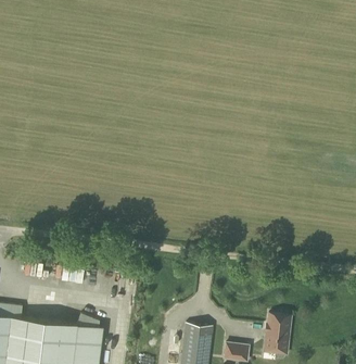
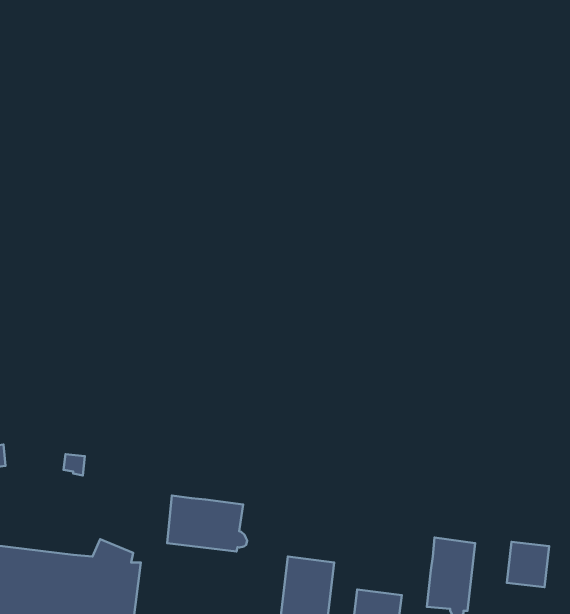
building: none -> [167,495,247,552]
building: none -> [507,542,549,587]

